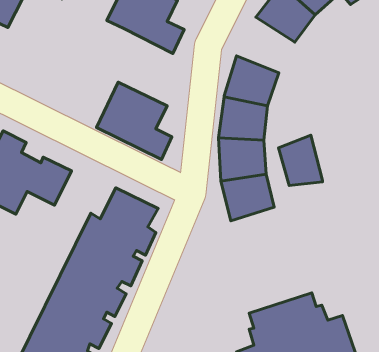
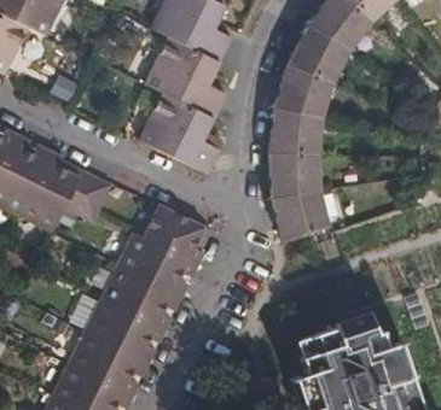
building: none -> [288,25,349,84]
building: none -> [144,37,226,119]
building: [279,135,323,185] -> none

